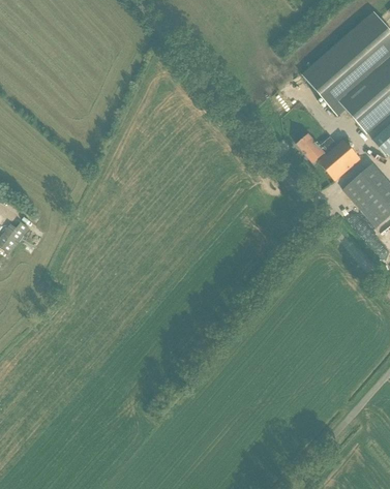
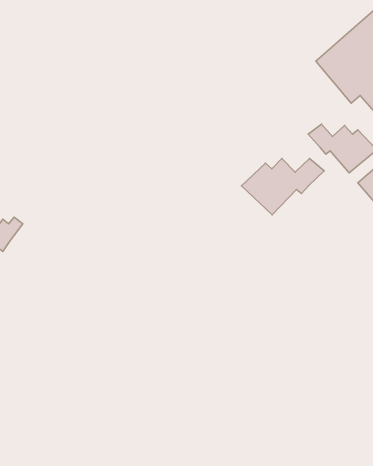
building: none -> [241,158,324,215]

